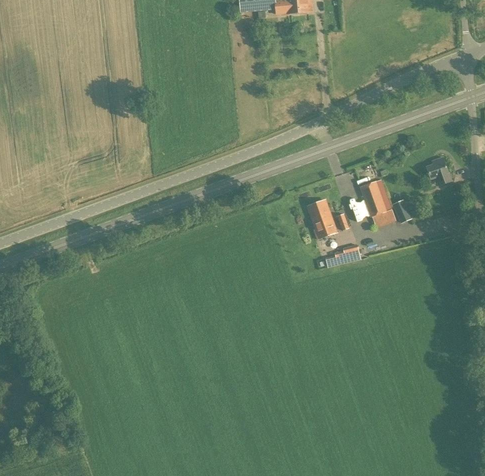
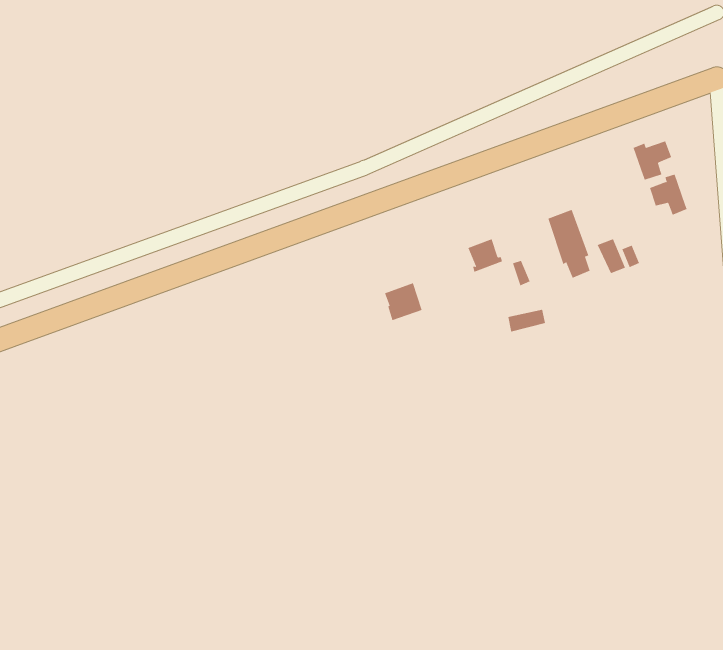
building: none -> [633,140,672,180]
building: [313,214,338,239] -> [384,282,423,321]

